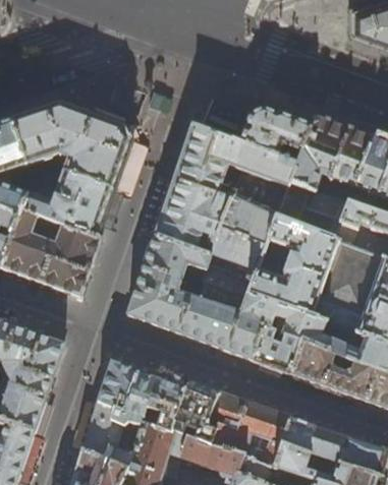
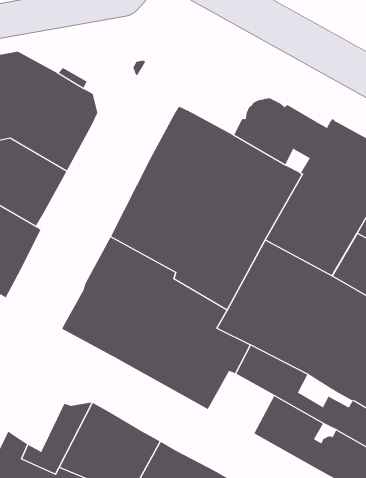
building: [252,327,301,373] -> none
building: [97,362,137,413] -> none

